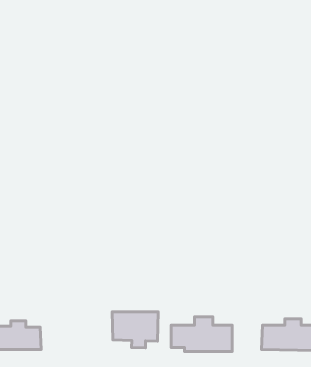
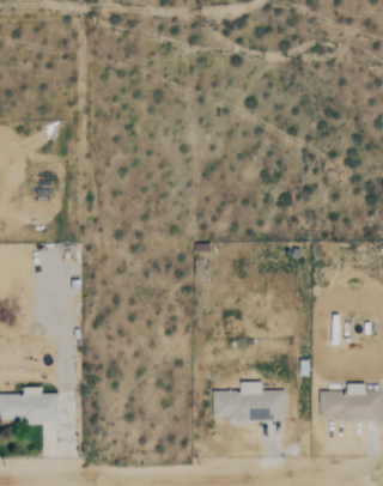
building: [112,312,158,348] -> none

